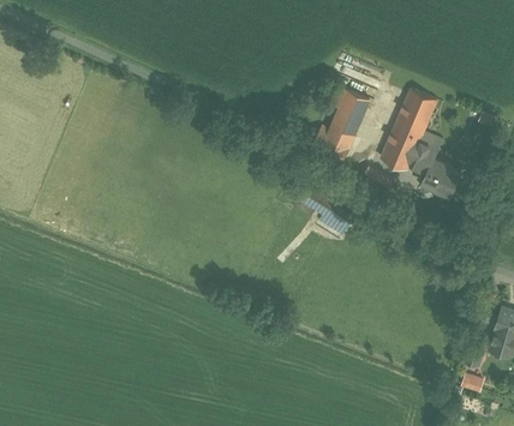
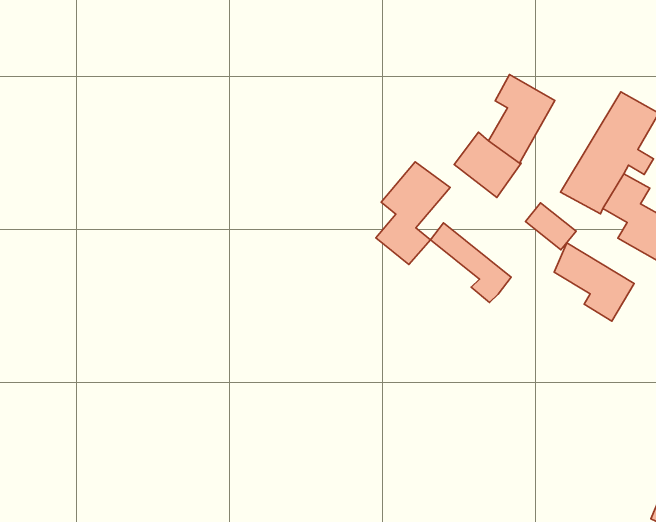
building: none -> [376,162,450,264]
building: none -> [554,243,634,321]

